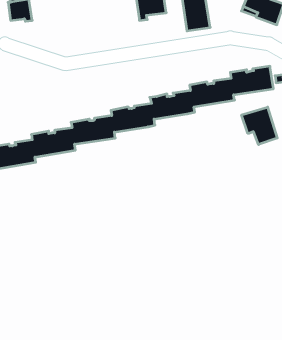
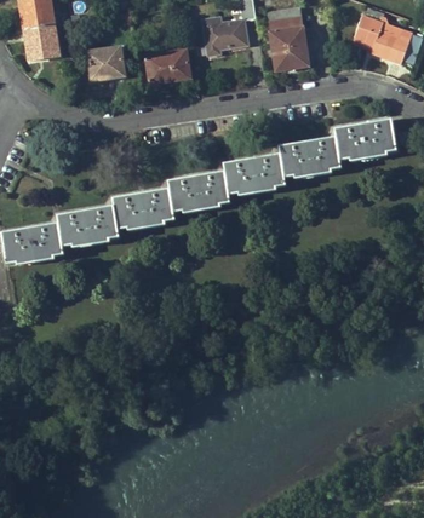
building: none -> [87,47,124,81]
building: none -> [145,51,189,84]
building: [242,107,277,145] -> none

